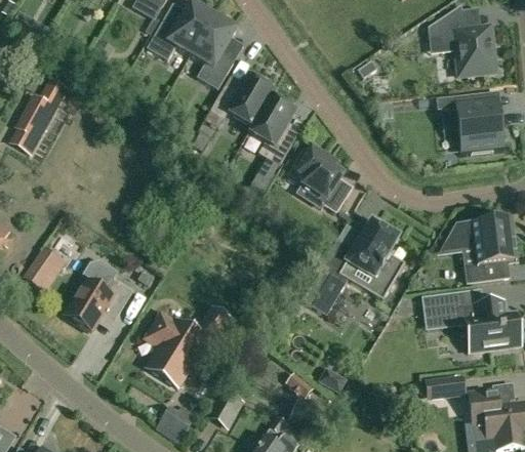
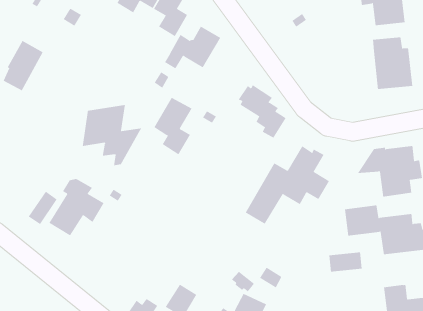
building: [249,89,296,165] -> [153,92,192,155]
building: none -> [82,104,142,166]
building: [24,246,59,287] -> [28,191,57,225]
building: [144,303,235,388] -> none
building: [426,374,467,399] -> [328,252,362,272]

